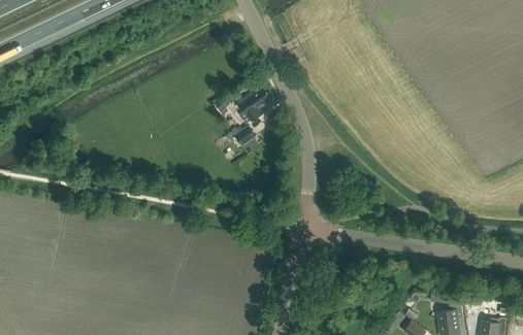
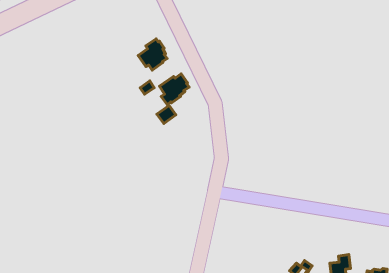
building: none -> [138,39,167,70]

